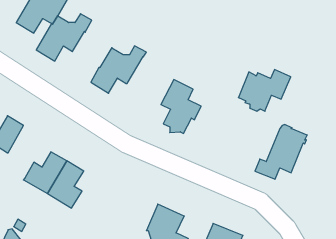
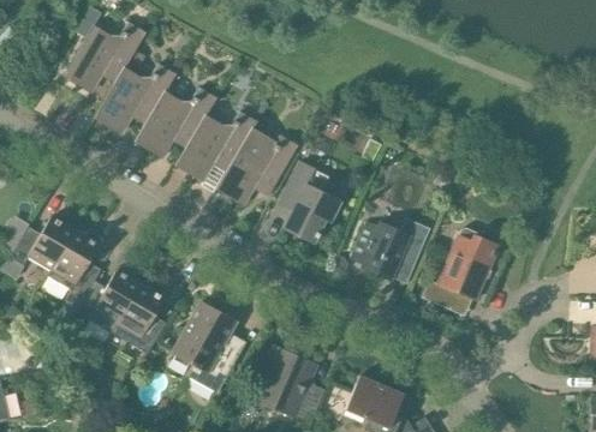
building: none -> [135,86,217,157]
building: none -> [215,126,298,204]
building: [238,70,291,111] -> [351,217,429,280]
building: none -> [47,229,99,307]
building: none -> [172,301,239,392]

